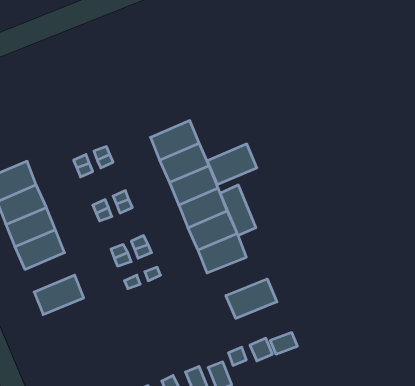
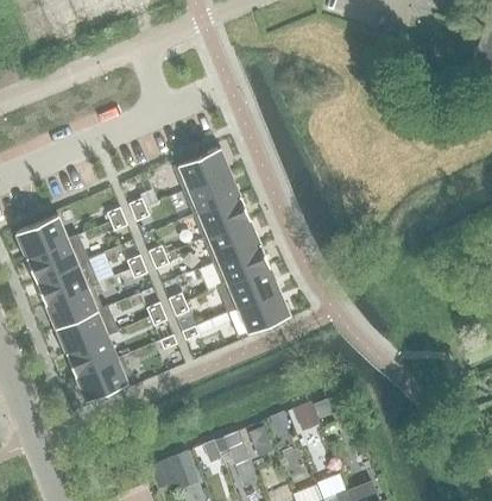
building: [207,144,257,185] -> [177,146,229,189]
building: [220,185,256,235] -> none
building: none -> [56,311,108,352]
building: [226,279,277,318] -> none
building: none -> [75,358,128,400]

